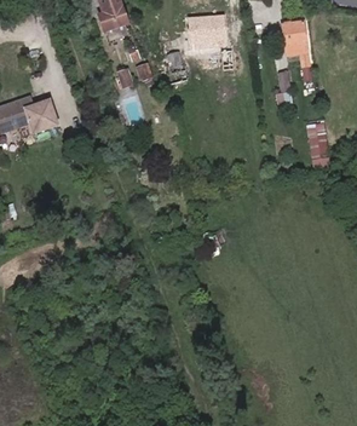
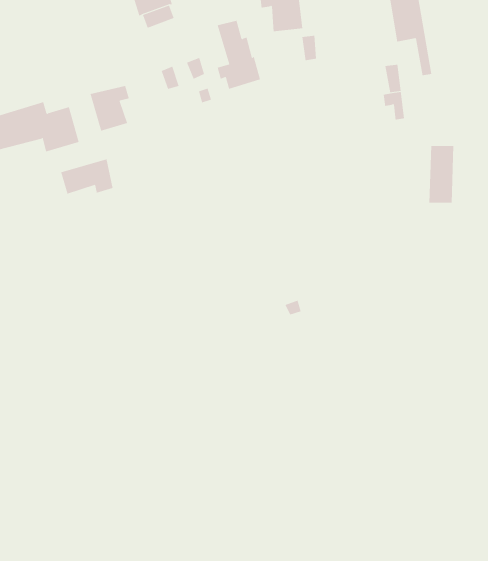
building: none -> [90,85,129,131]
building: none -> [60,158,113,195]

